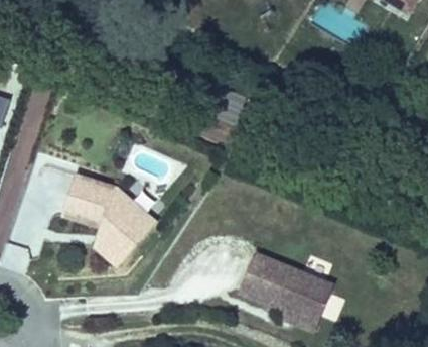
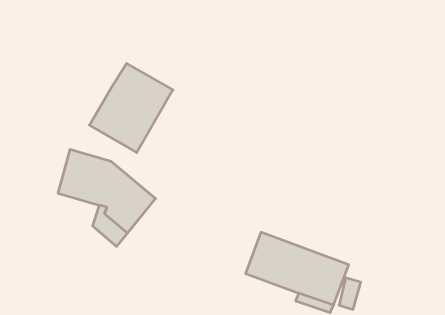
building: none -> [89,63,173,153]

